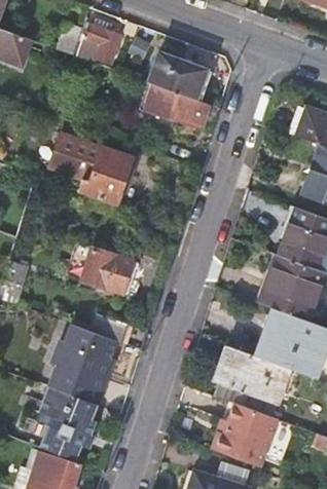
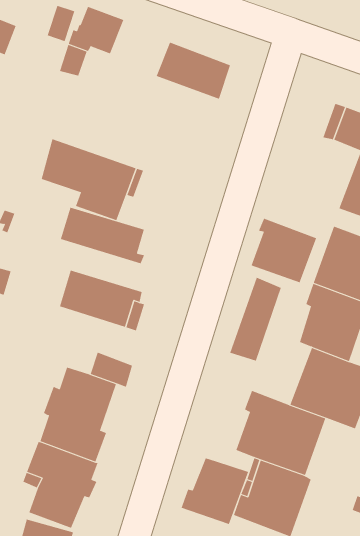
building: [138,82,206,127] -> none
building: none -> [60,207,145,264]
building: none -> [251,218,317,283]
building: none -> [230,277,281,361]
building: none -> [181,457,249,525]

